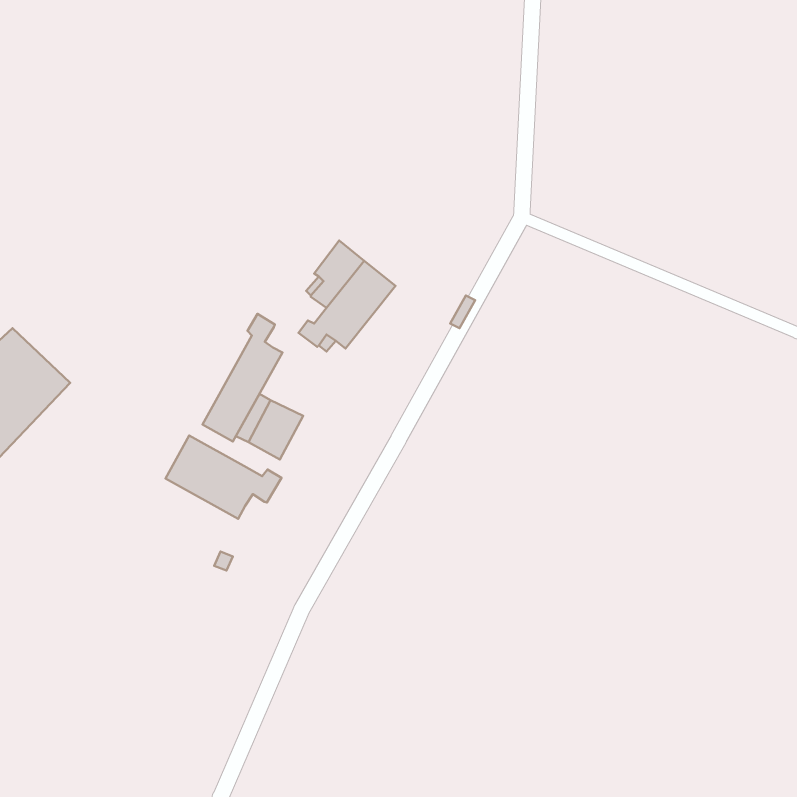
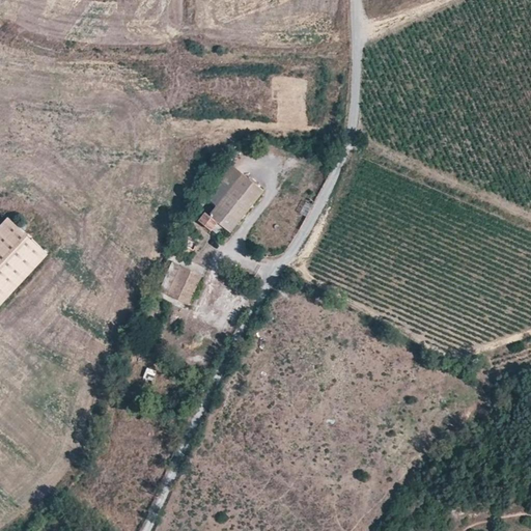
building: [202,314,282,441] -> none
building: [165,436,281,519] -> none

